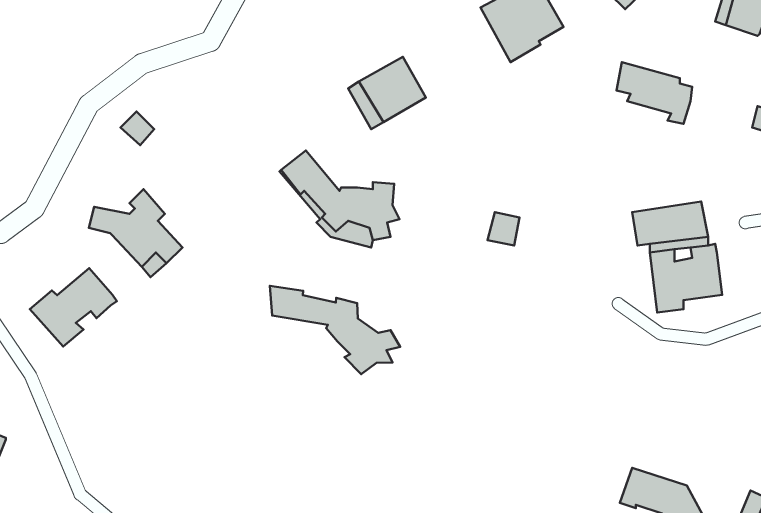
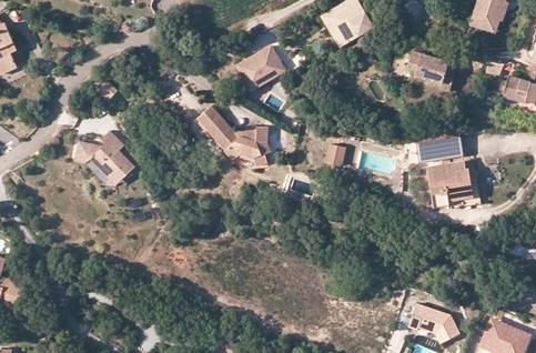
building: [30,268,117,347] -> none
building: [270,286,400,374] -> none

